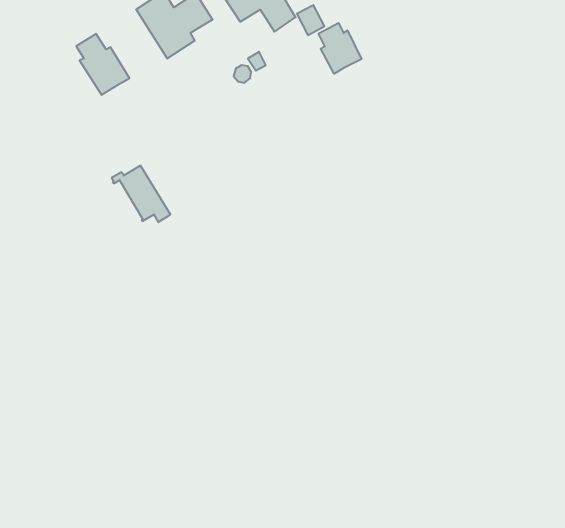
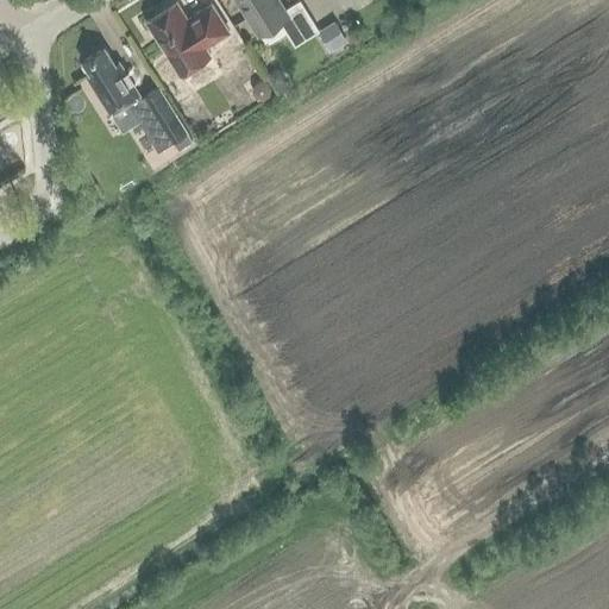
building: [319,23,361,74] -> none
building: [112,166,170,222] -> [128,90,192,151]

